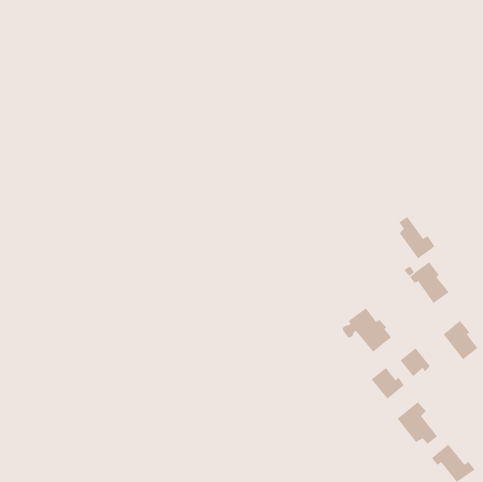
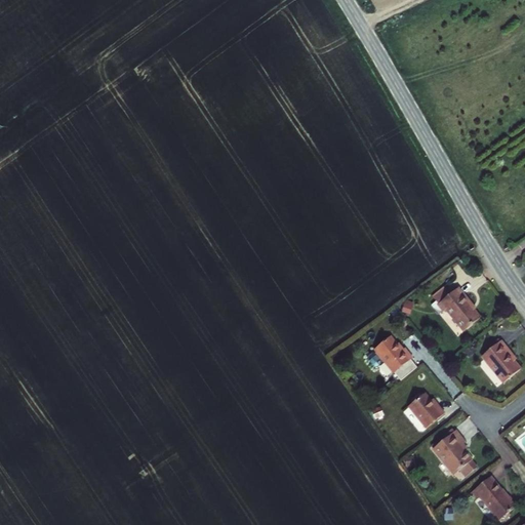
building: [399,216,435,259] -> none
building: [400,347,431,377] -> none

